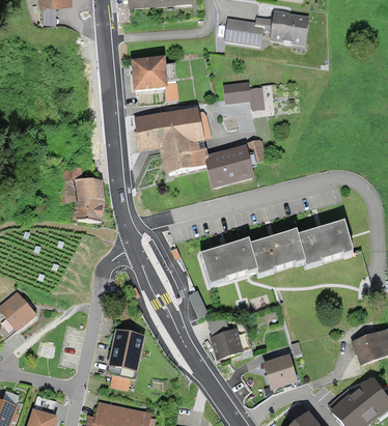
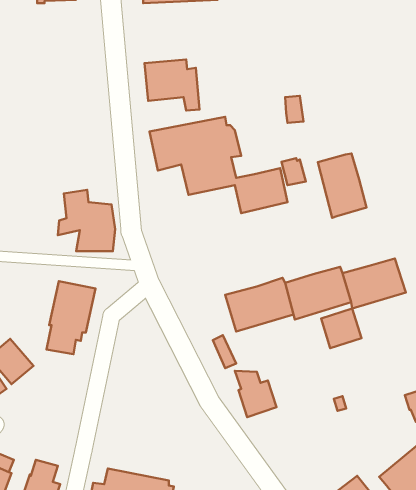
building: [224,10,307,45] -> none
building: [223,81,250,103] -> none
building: none -> [318,153,367,218]
building: none -> [321,308,361,348]
building: [105,328,146,390] -> [47,281,96,354]
building: [262,353,297,389] -> none

